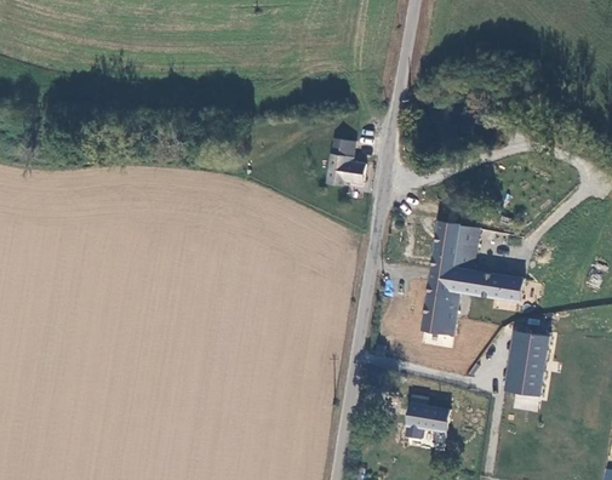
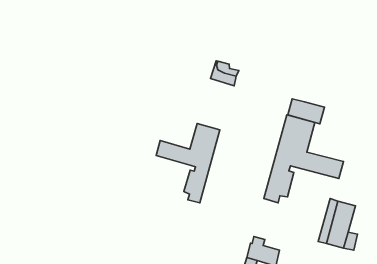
building: none -> [288,99,324,124]
building: none -> [156,123,220,203]

